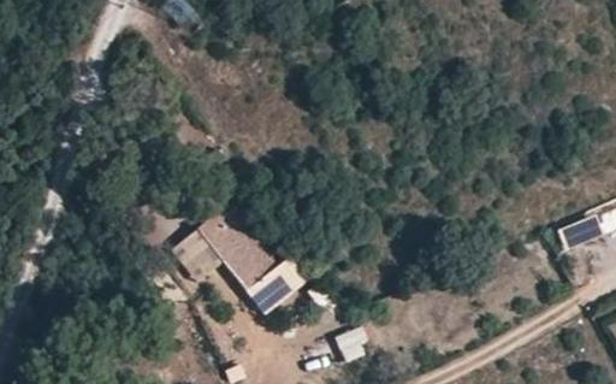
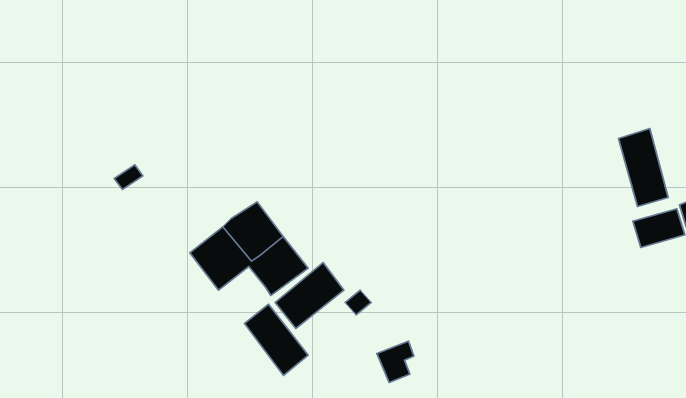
building: none -> [619,128,668,207]
building: none -> [244,304,308,376]

